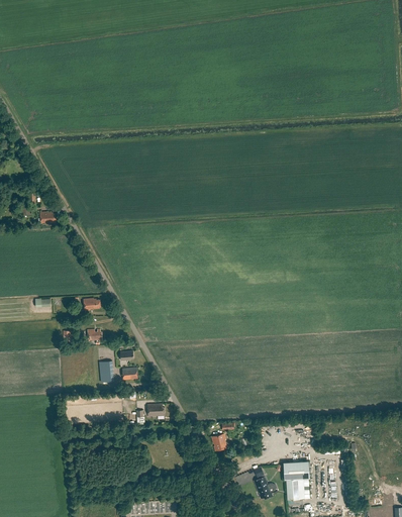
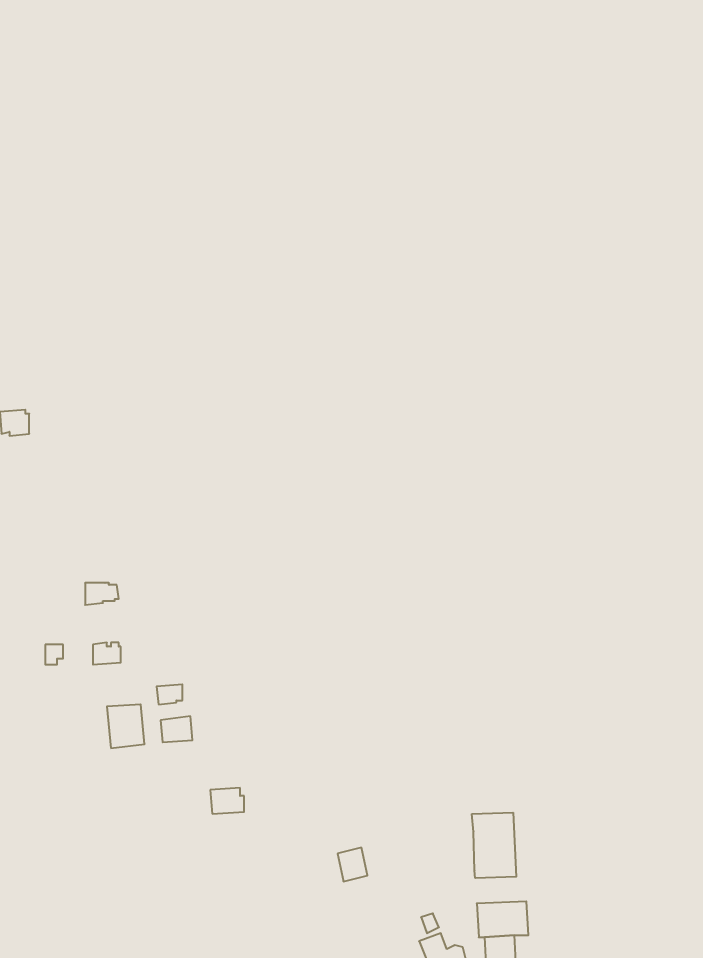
building: none -> [472,813,516,878]

